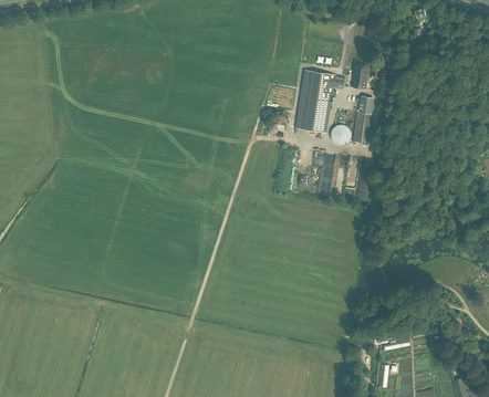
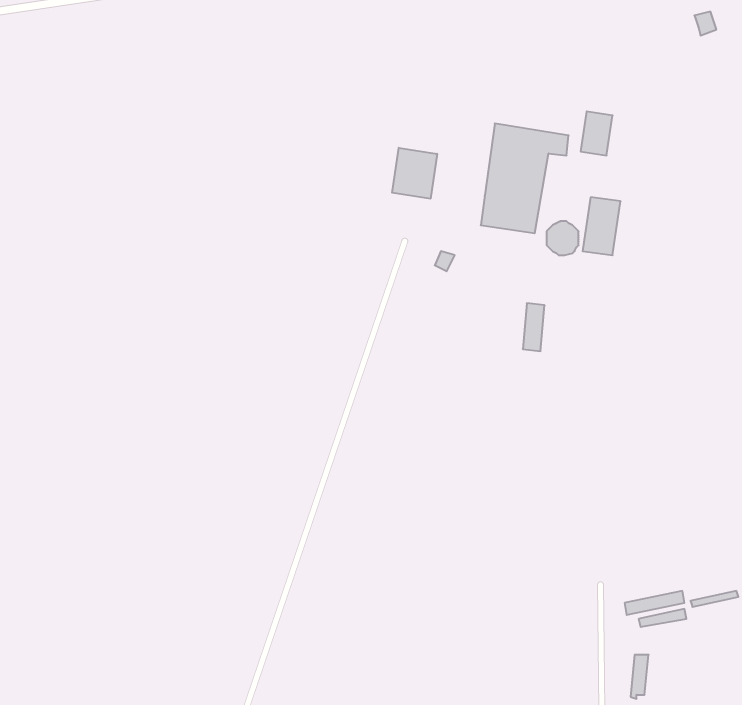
building: none -> [392,148,437,199]

